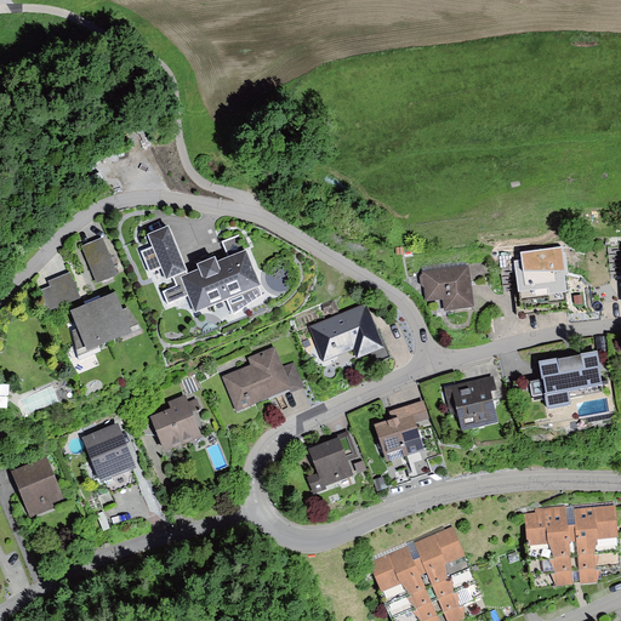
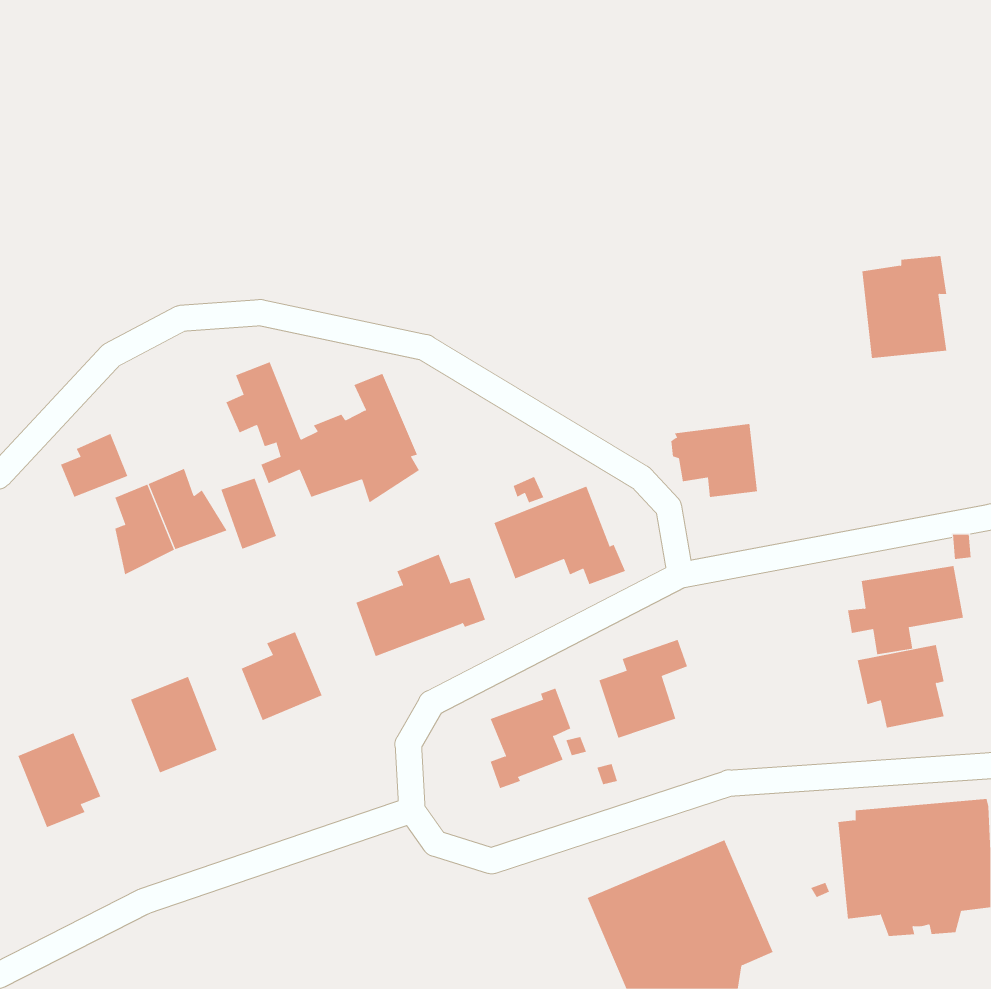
building: [82,241,118,286] -> [220,478,277,550]
building: [514,252,568,317] -> [862,256,947,359]
building: [443,376,497,428] -> [857,644,944,728]

